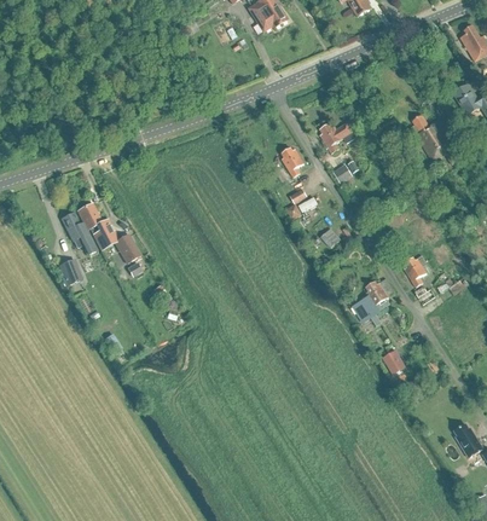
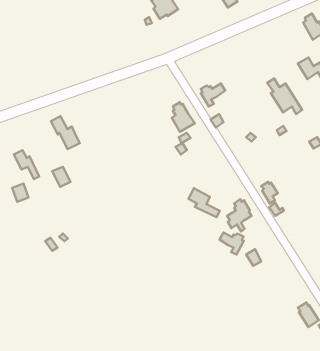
building: [77,203,117,249] -> [51,116,80,149]
building: none -> [188,188,220,217]
building: none -> [219,232,244,254]

